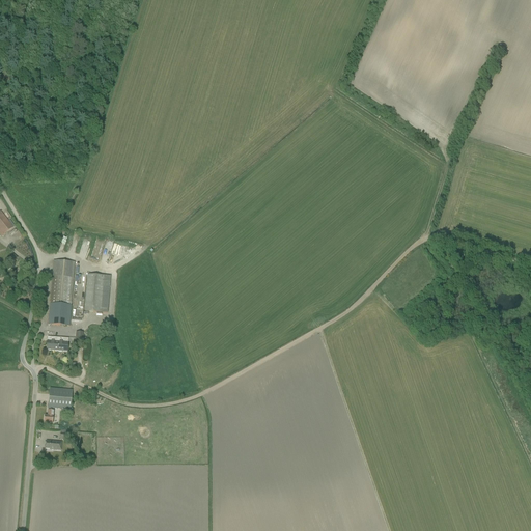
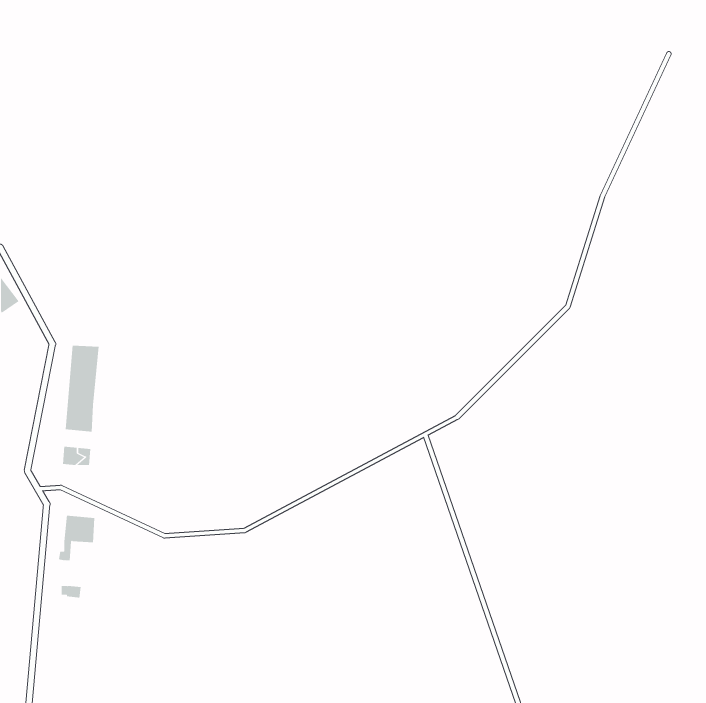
building: [85,273,110,311] -> none

